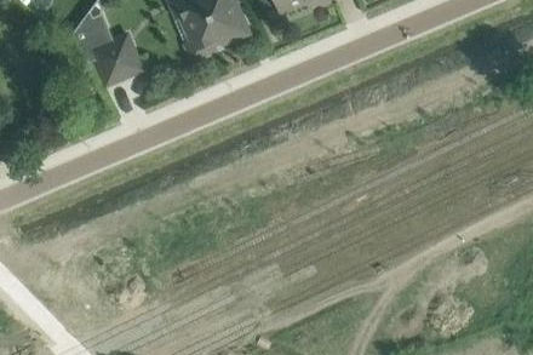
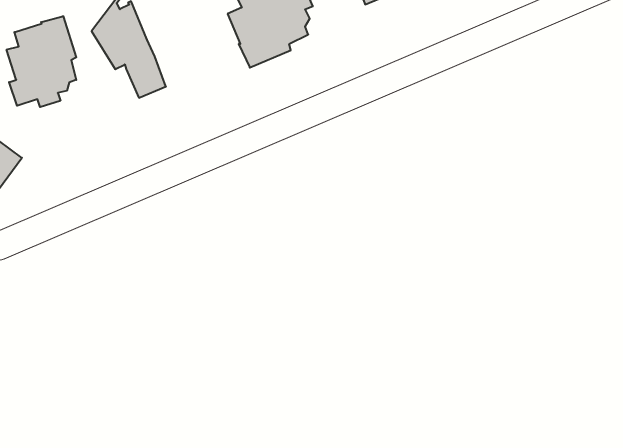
building: none -> [7,16,76,107]

